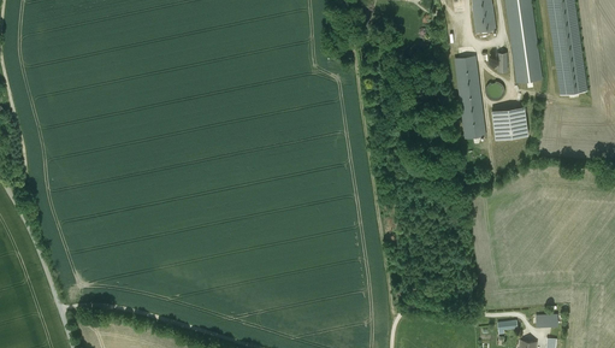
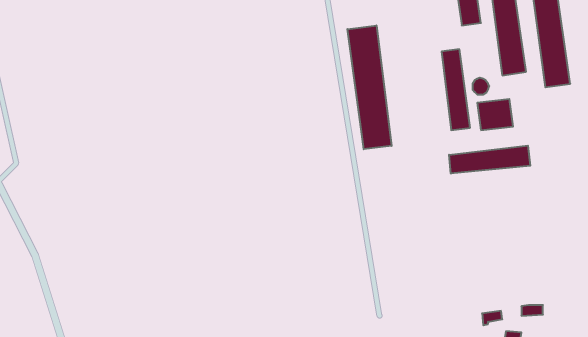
building: none -> [347,25,392,149]
building: none -> [449,146,530,174]

